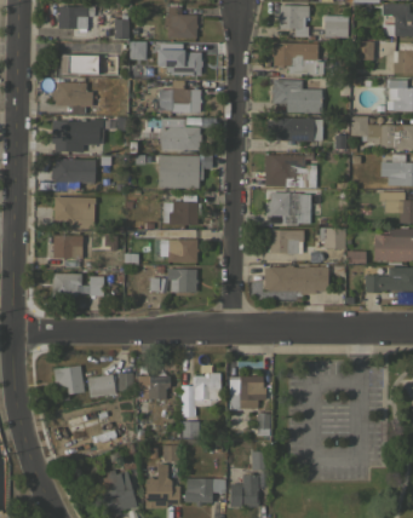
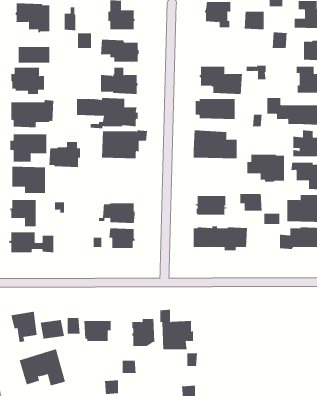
building: [271,42,326,74] -> none
building: [265,192,310,225] -> [246,154,285,182]
building: [162,195,200,225] -> [49,142,81,168]

